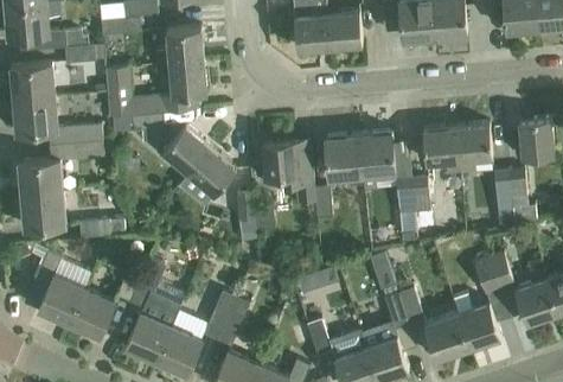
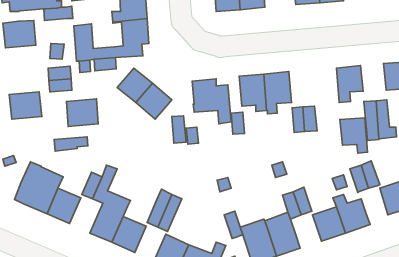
building: [13,95,56,133] -> none
building: [423,126,460,173] -> [340,118,367,153]
building: [21,191,64,228] -> [66,99,98,126]

